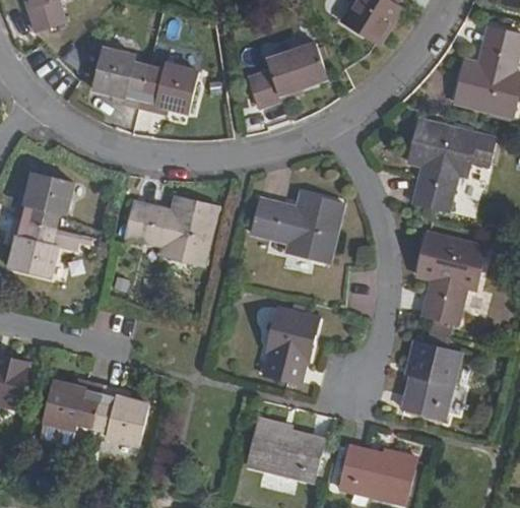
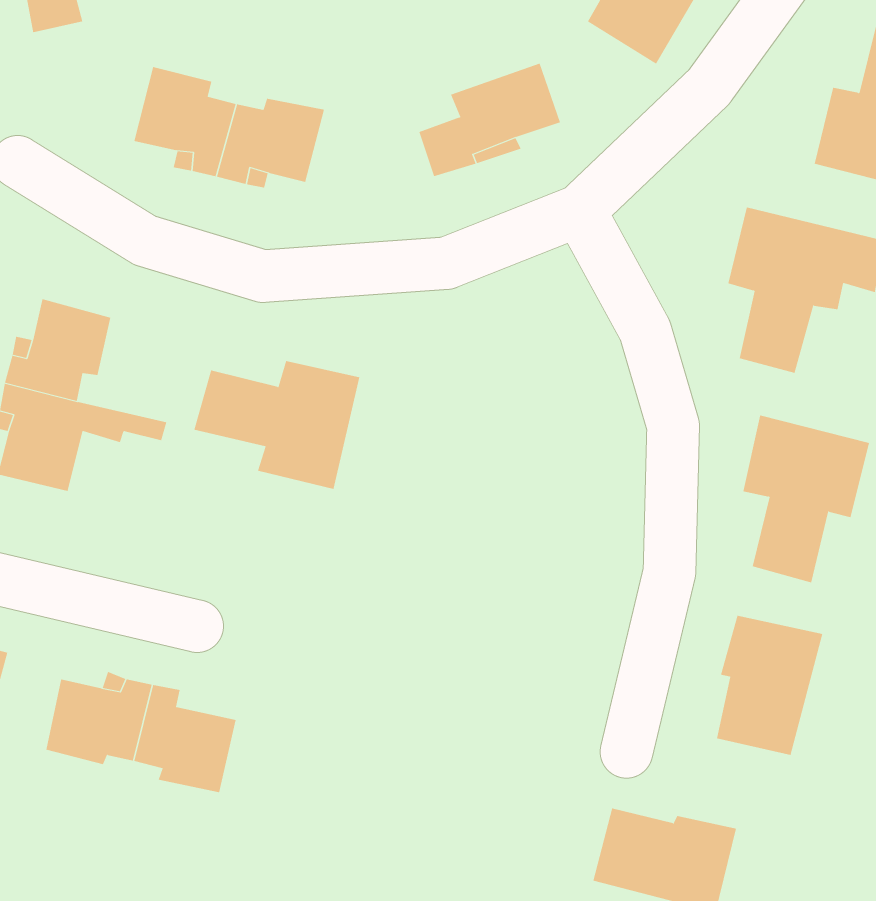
building: [250,193,339,262] -> none
building: [262,309,316,383] -> none
building: [242,419,320,480] -> none

